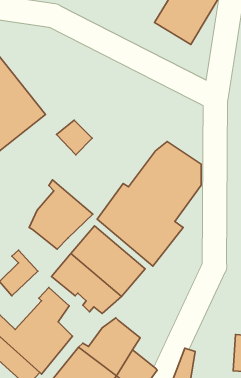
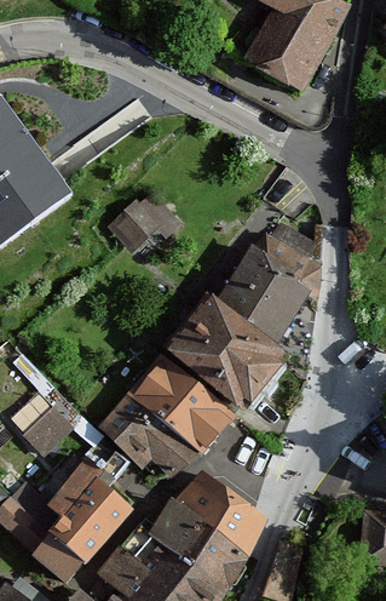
building: [29,180,93,249] -> none
building: none -> [194,476,264,557]

